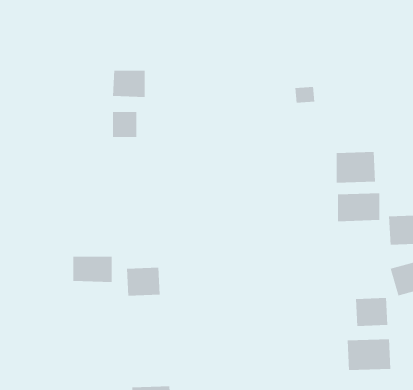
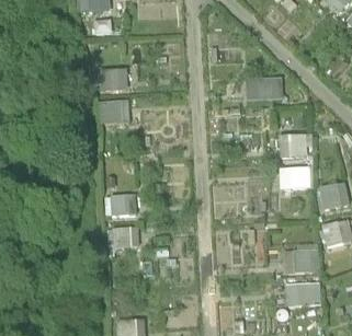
building: [73,256,113,282] -> [107,194,139,215]

